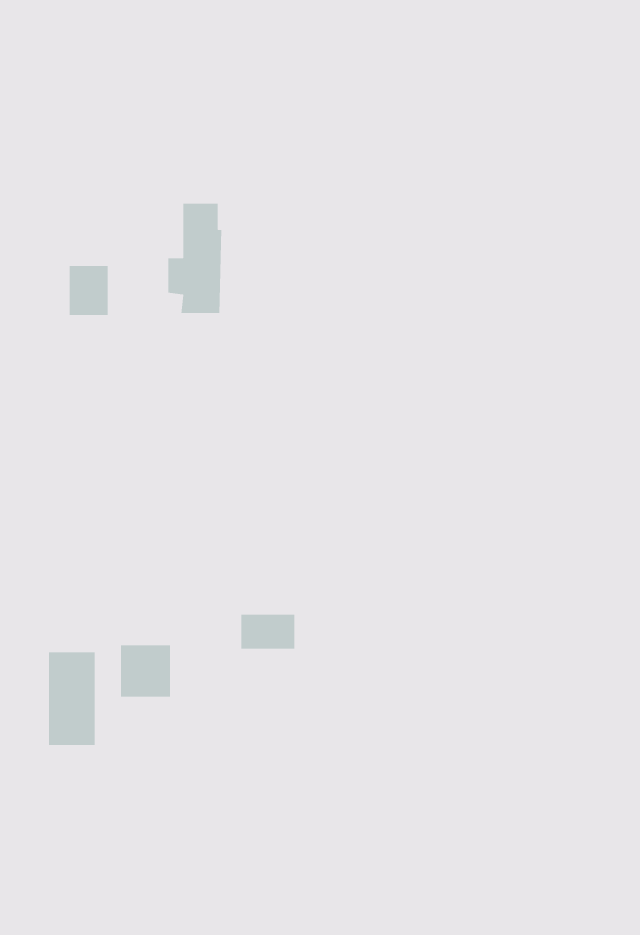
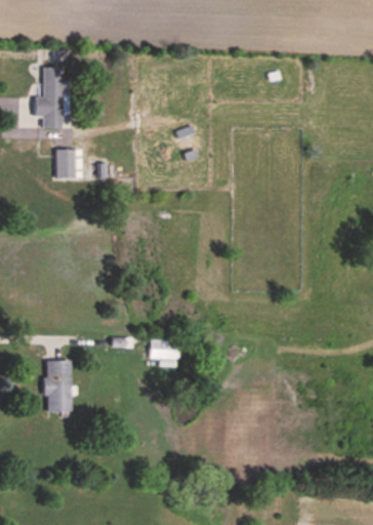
building: [167,203,222,314] -> [35,68,65,128]
building: [120,645,171,697] -> none

